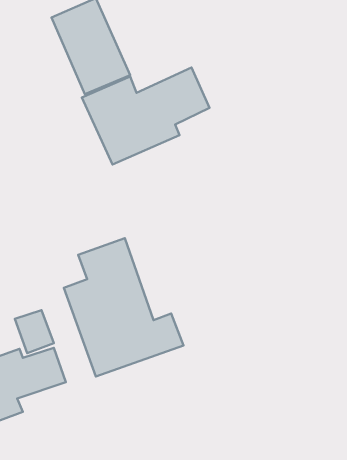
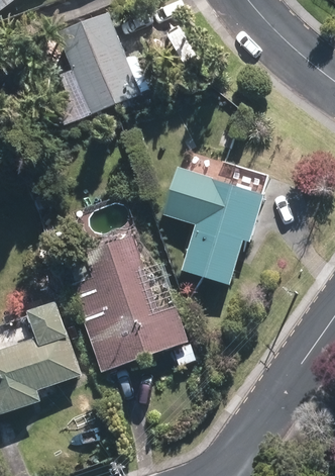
building: [82,67,210,165] -> none
building: none -> [179,174,258,282]

